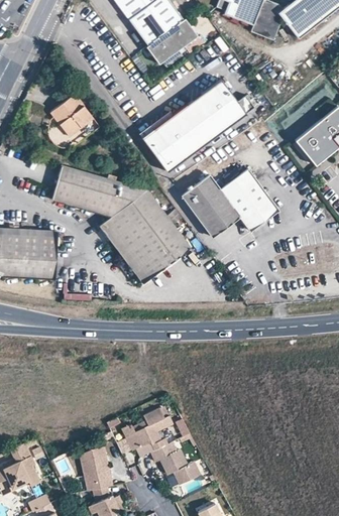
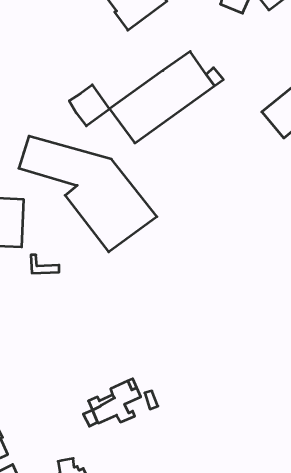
building: [52,96,93,137] -> [69,85,110,126]
building: [181,169,275,237] -> none
building: [149,442,199,485] -> none
building: [78,447,110,490] -> none

